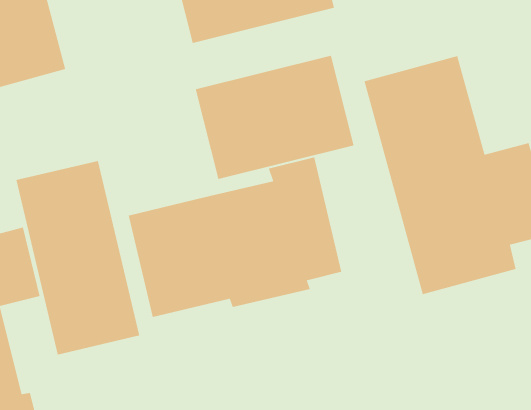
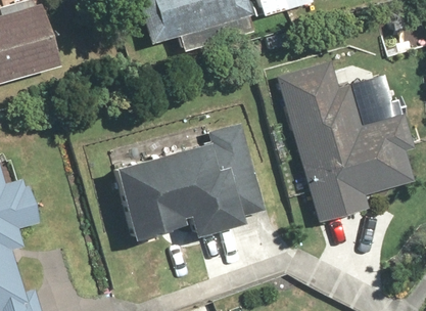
building: [195,55,354,180] -> none
building: [15,160,140,356] -> none

